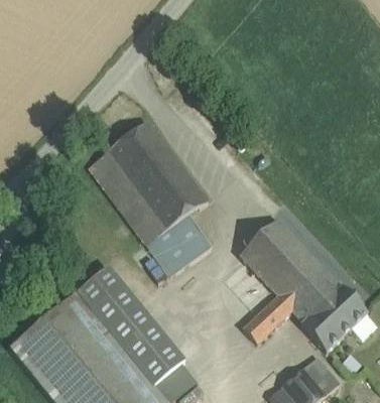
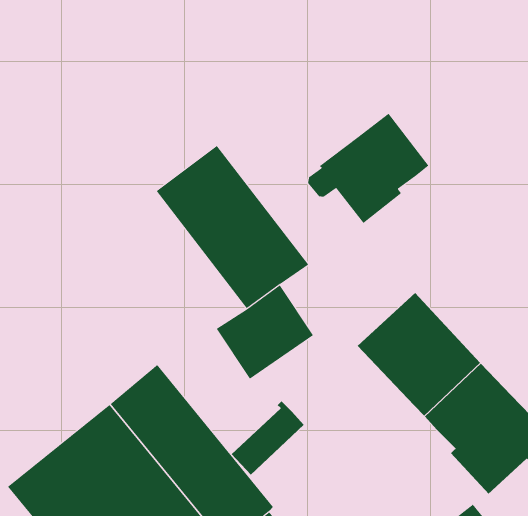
building: none -> [308,113,429,224]
building: [88,151,166,242] -> none
building: [243,292,291,342] -> [231,400,305,476]

